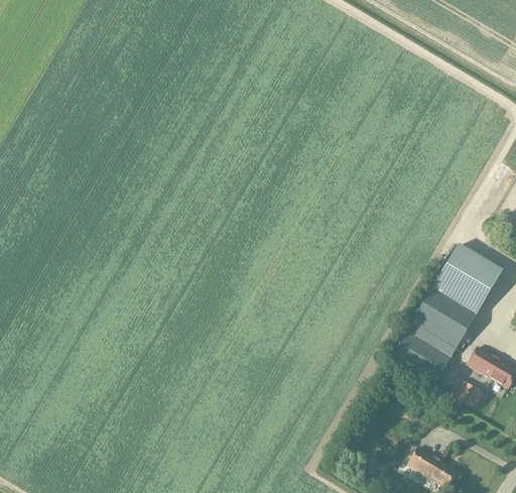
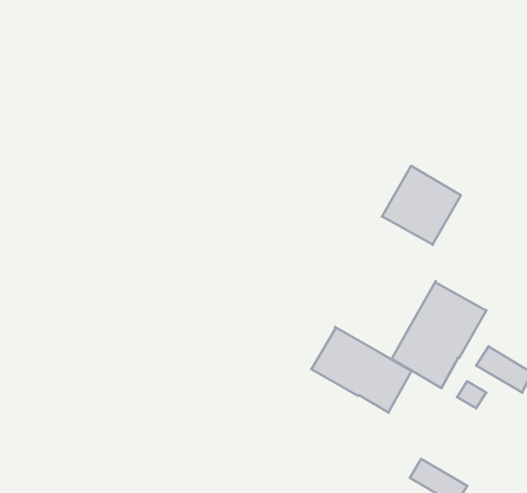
building: [430,244,501,315] -> [382,166,461,245]
building: none -> [311,327,411,413]

